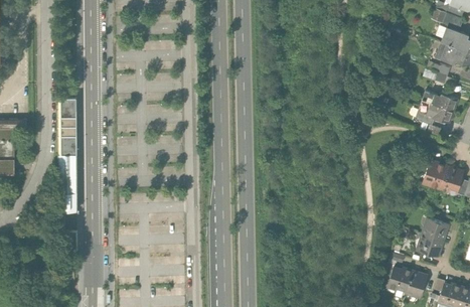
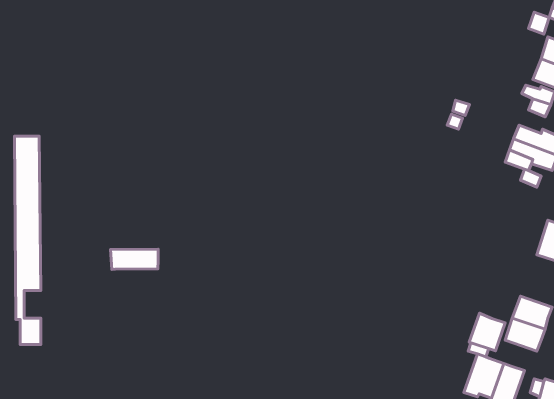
building: [421,156,447,187] -> none
building: none -> [111,249,158,270]
building: none -> [469,313,505,351]

